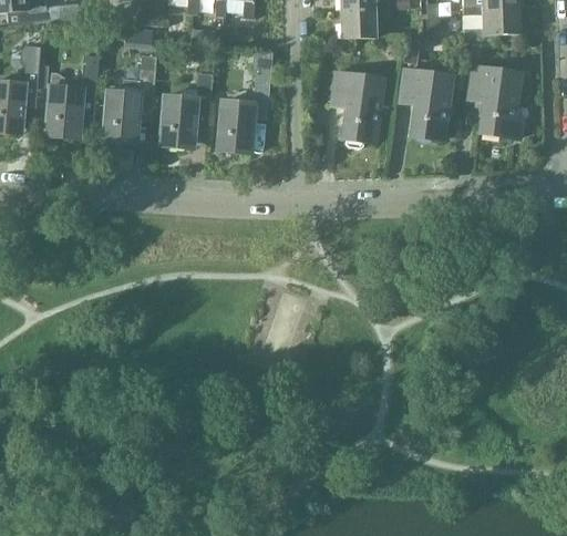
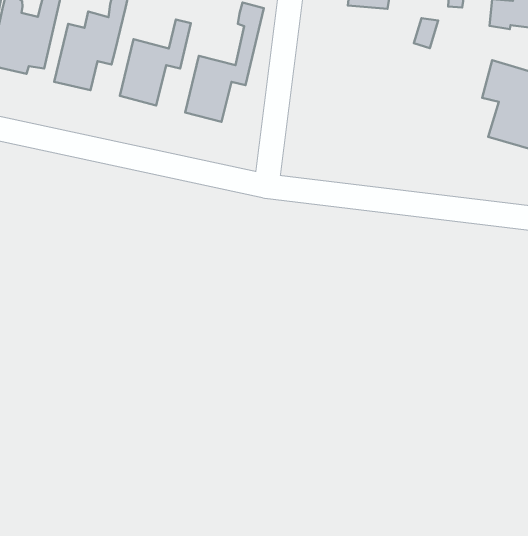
building: [399,66,452,138] -> none
building: [331,70,393,146] -> none

